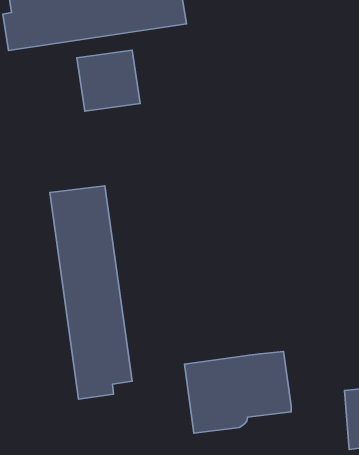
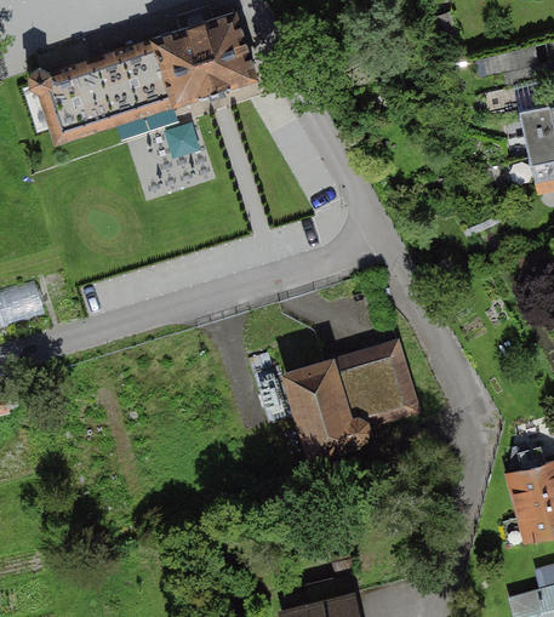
building: [50,186,132,399] -> none
building: [185,351,291,433] -> [286,342,419,455]

